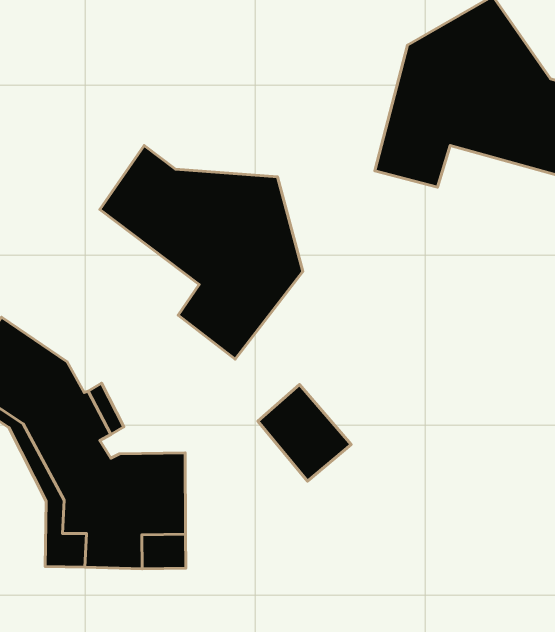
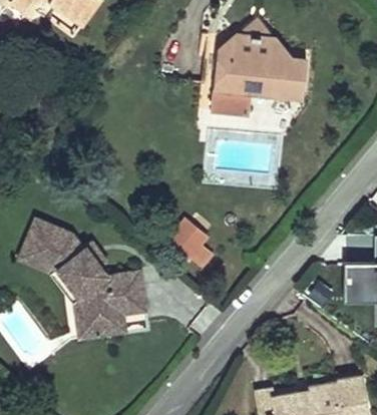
building: [100,146,303,359] -> none

